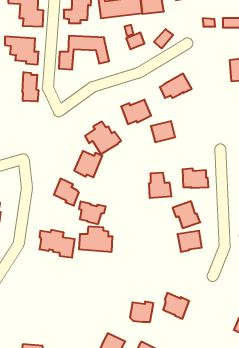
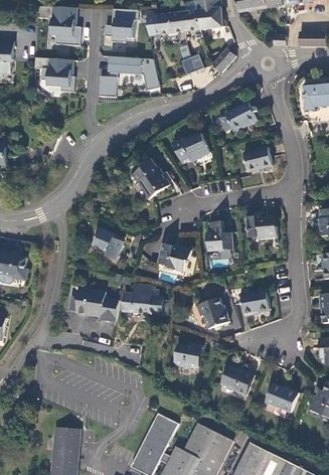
building: [22,72,38,102] -> none
building: [151,121,175,142] -> [241,147,271,172]
building: [74,151,102,177] -> none
building: [173,201,200,228] -> [195,297,228,329]
building: [79,201,106,224] -> [159,244,191,271]
building: [130,302,153,322] -> [174,343,202,367]
building: none -> [264,383,298,413]

